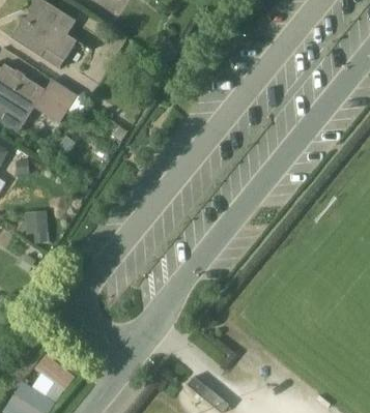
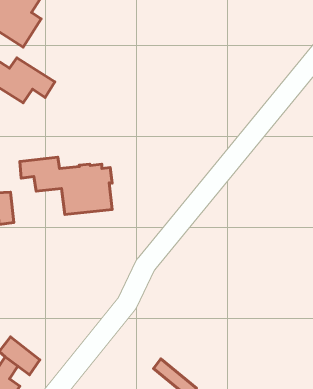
building: none -> [20,157,112,215]

